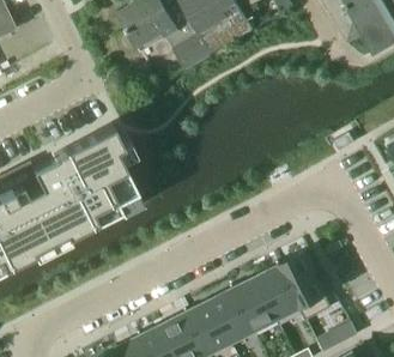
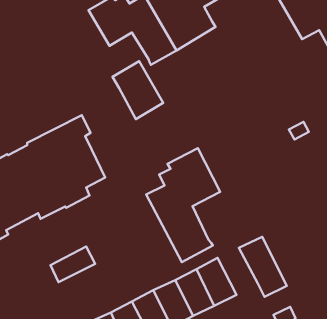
building: none -> [113,61,163,119]
building: none -> [146,148,220,262]
building: none -> [51,247,95,282]
building: [257,267,301,317] -> none

